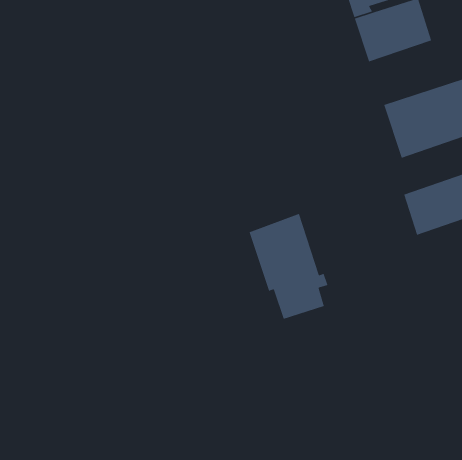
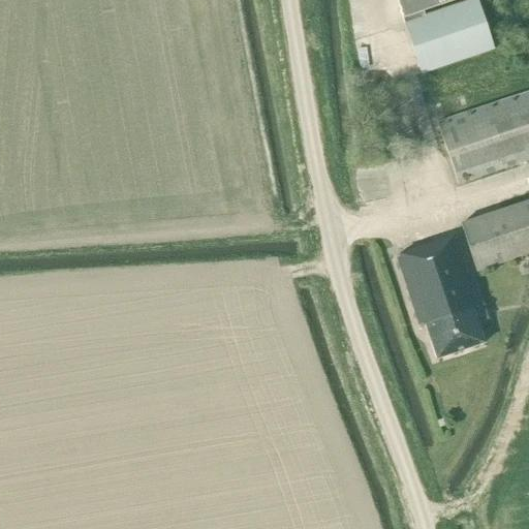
building: [249,213,329,320] -> [398,234,489,355]

